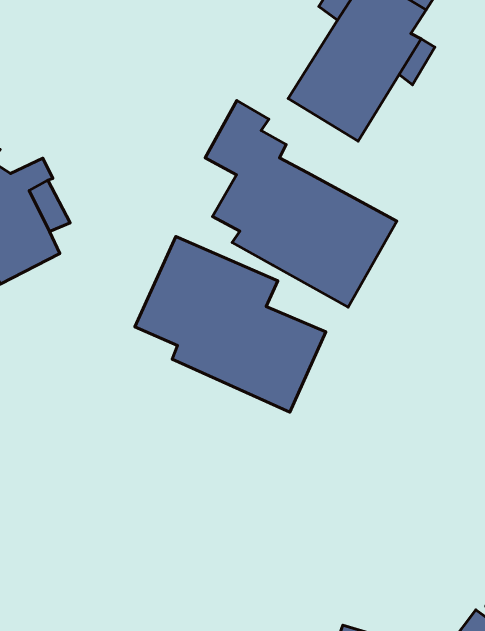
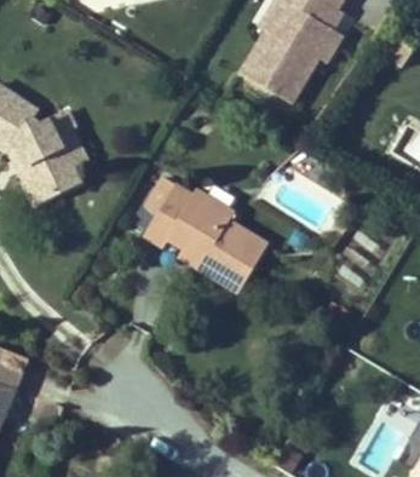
building: [205,100,397,307] -> none

